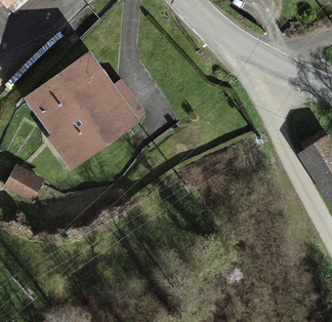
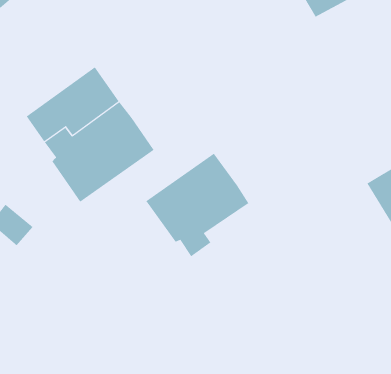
building: none -> [145,153,249,257]

